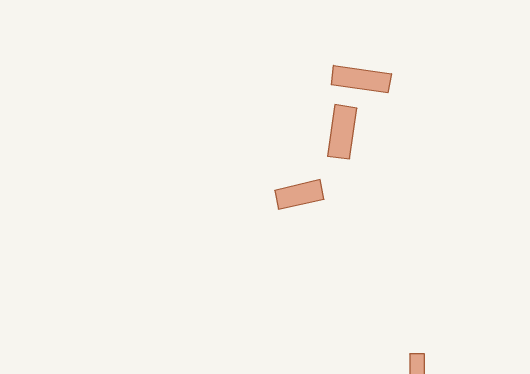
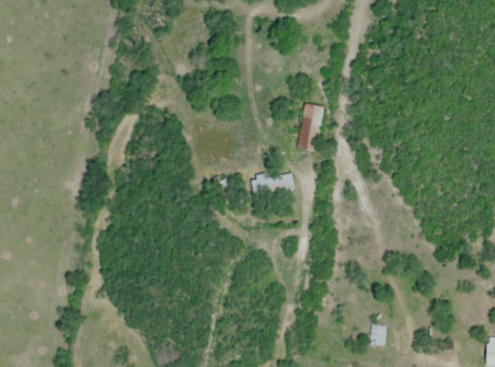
building: [331,65,391,93] -> none

